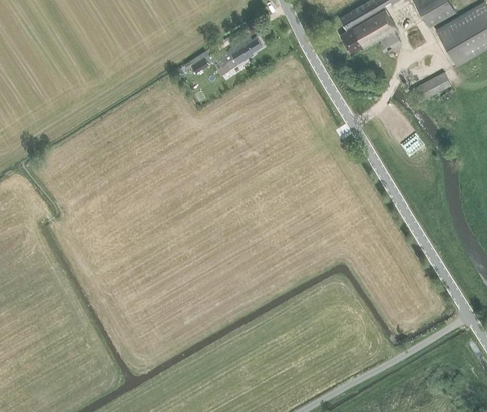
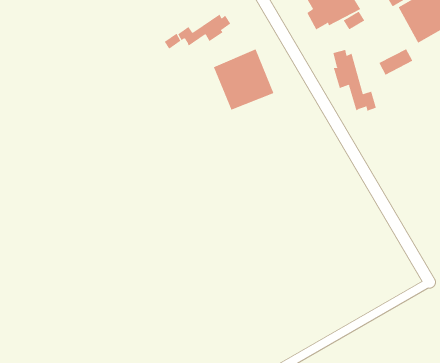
building: none -> [213,49,274,111]
building: none -> [333,49,377,111]

